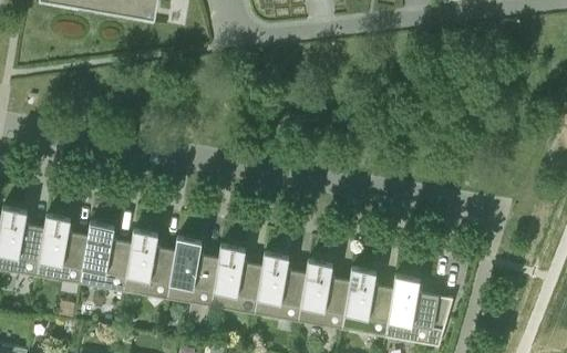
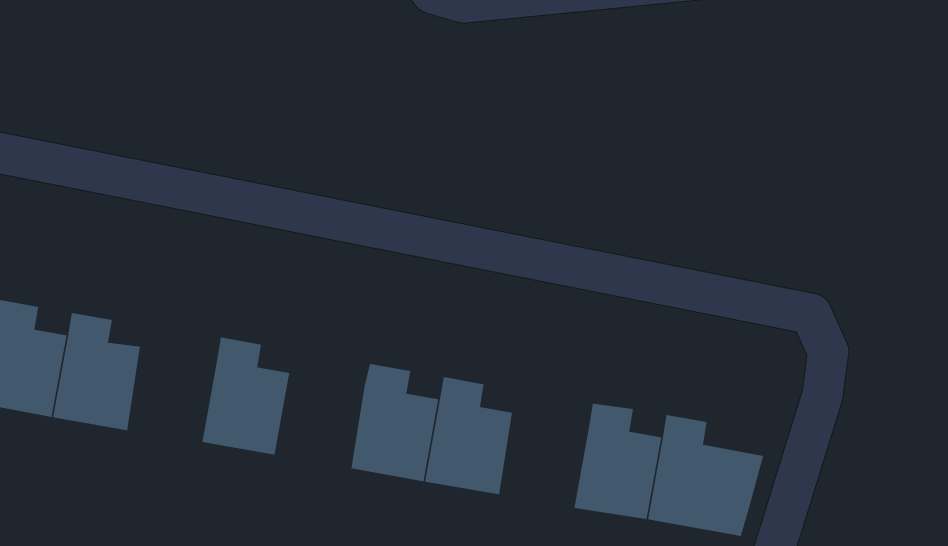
building: [79,222,131,291] -> none
building: [165,237,217,307] -> none
building: [297,260,349,330] -> none

